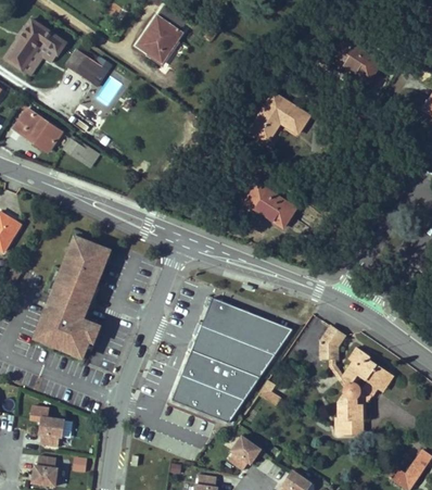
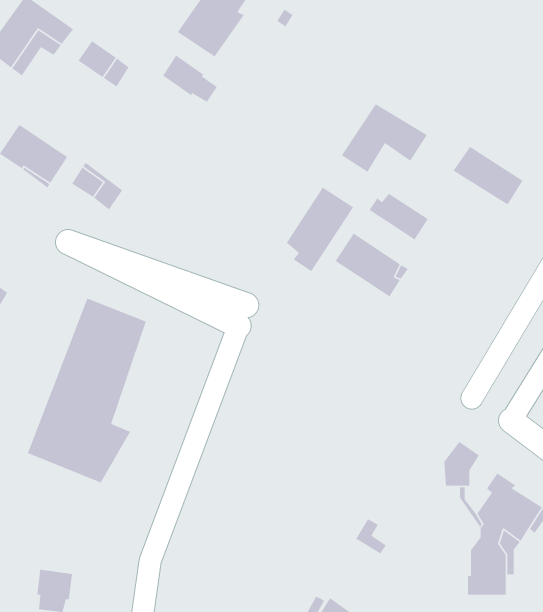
building: [331,39,380,80] -> [453,146,524,206]
building: none -> [162,54,218,103]
building: none -> [286,187,354,272]
building: none -> [368,193,429,241]
building: [170,296,290,422] -> none

